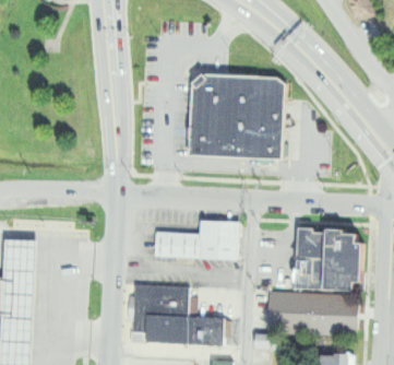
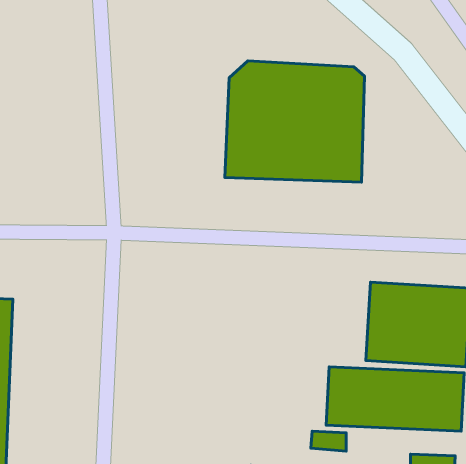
building: [150,221,238,260] -> none
building: [126,285,227,346] -> none

